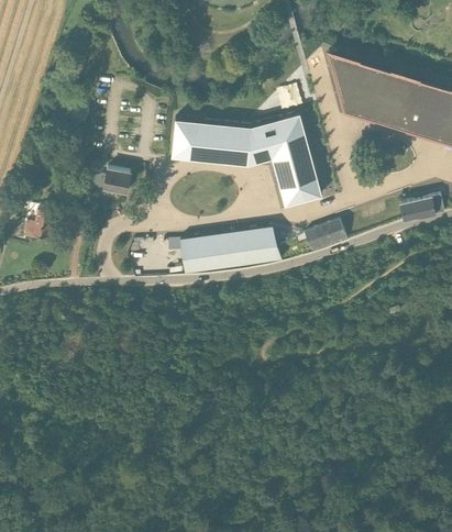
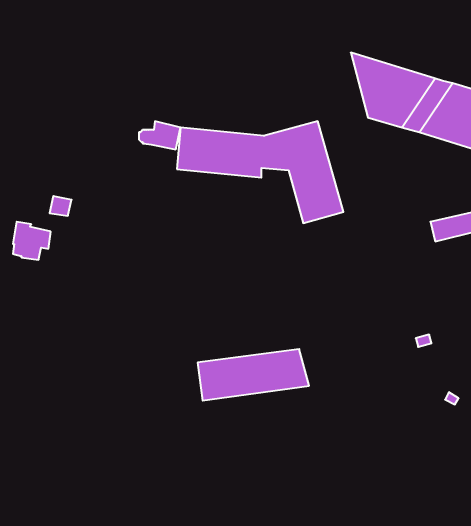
building: [92,168,130,193] -> [139,121,181,149]
building: [305,221,346,254] -> none
building: [180,228,280,274] -> [198,349,309,401]

